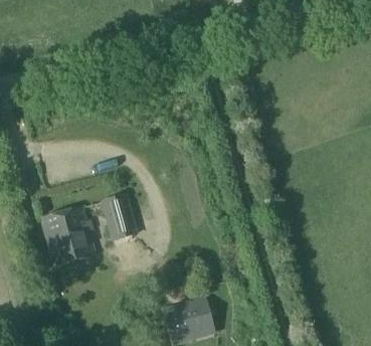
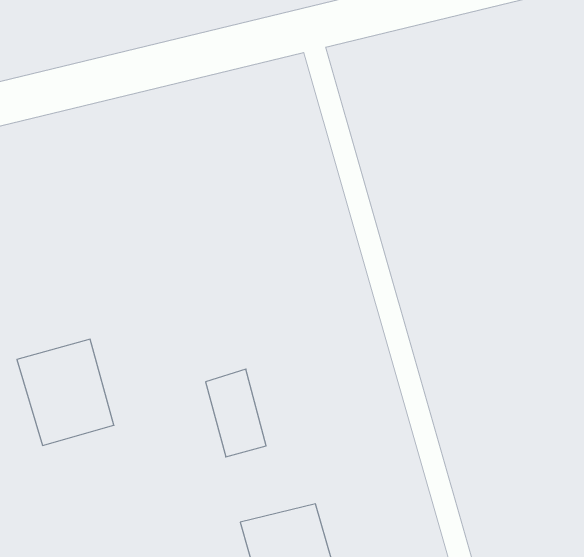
building: [101,193,134,241] -> [206,369,266,457]

